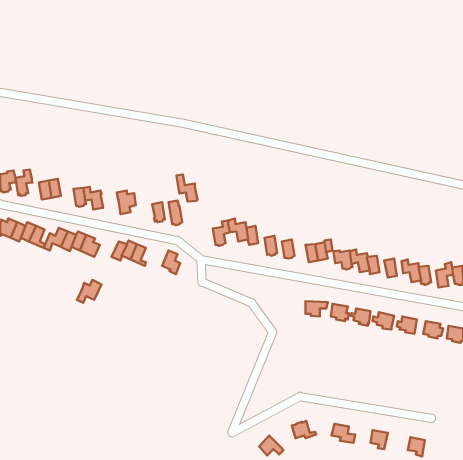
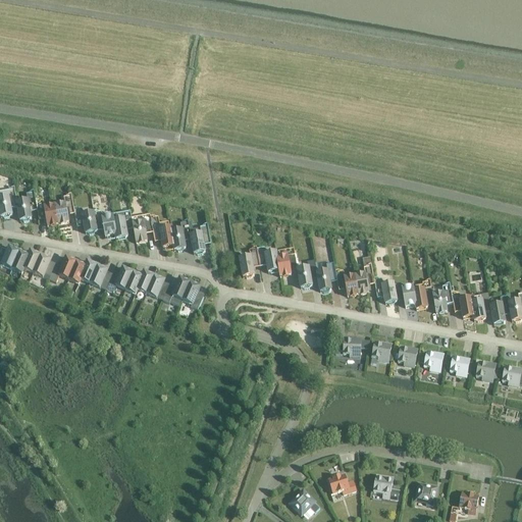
building: [177,174,197,202] -> [151,215,174,246]
building: none -> [112,211,134,238]
building: none -> [163,276,190,305]
building: [77,280,101,303] -> [106,266,134,292]

